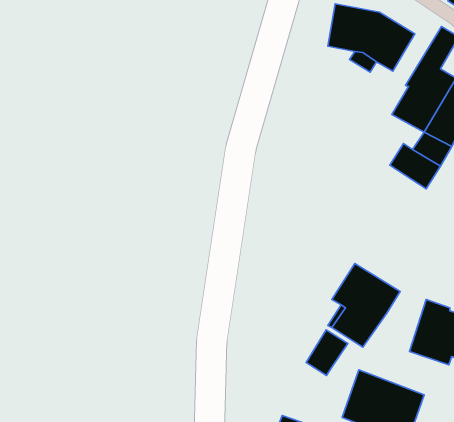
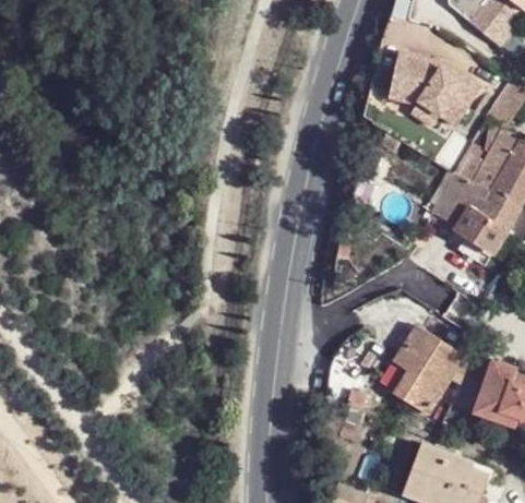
building: none -> [432,171,490,225]
building: [306,330,348,376] -> none

